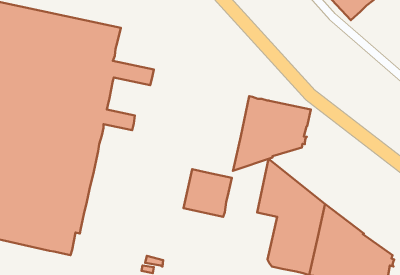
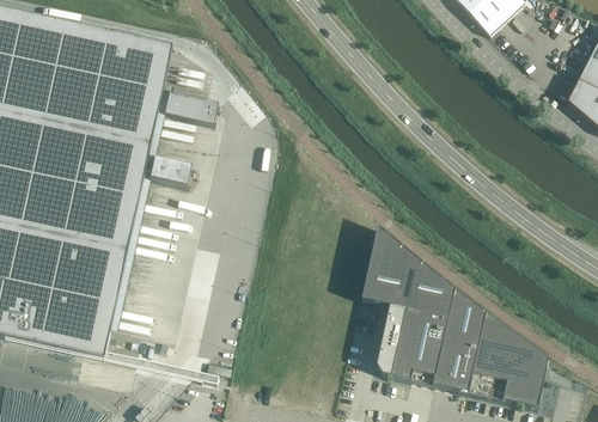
building: [233,96,311,171] -> none
building: [184,169,232,217] -> none

